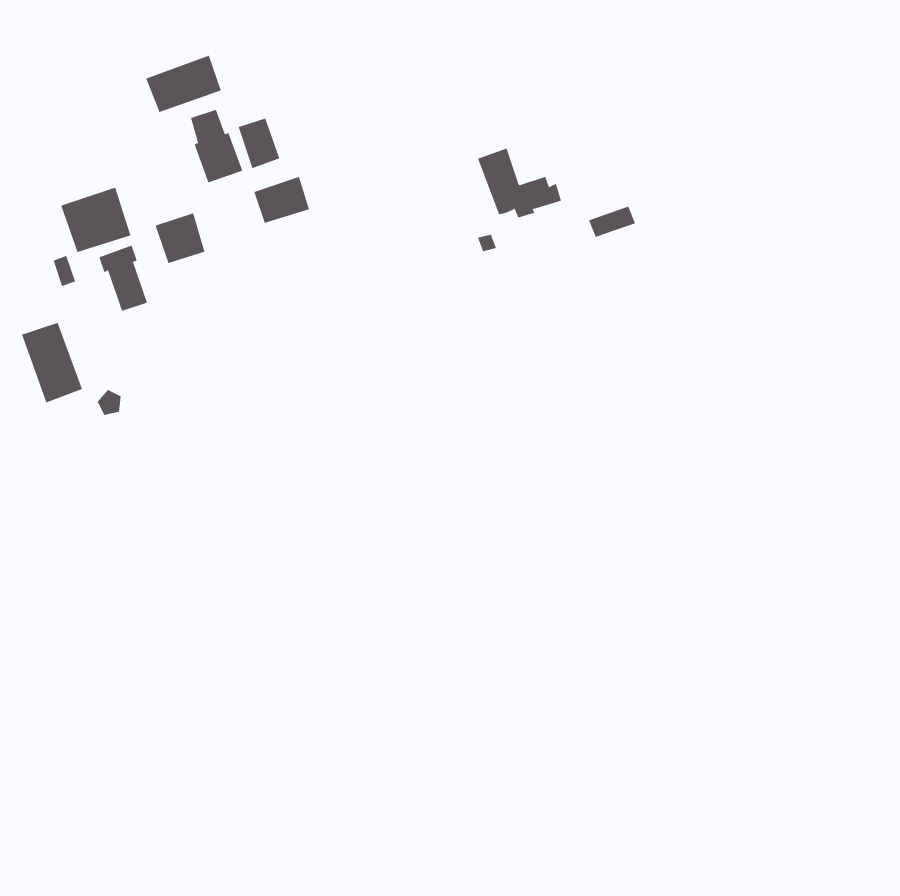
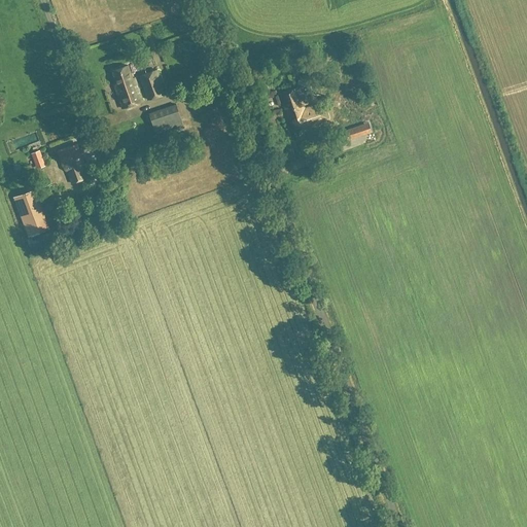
building: [146,55,221,113] -> none
building: [60,187,131,253] -> none
building: [155,212,205,264] -> none

